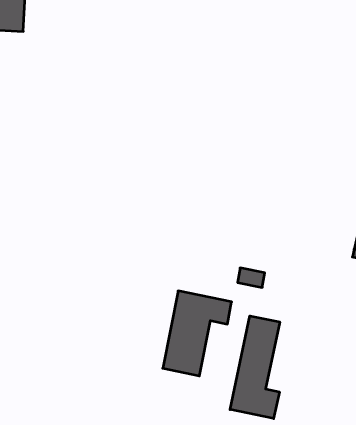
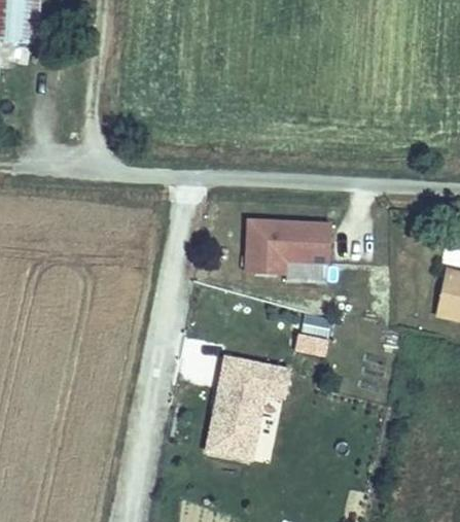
building: none -> [247,219,331,274]
building: [230,316,280,419] -> none

